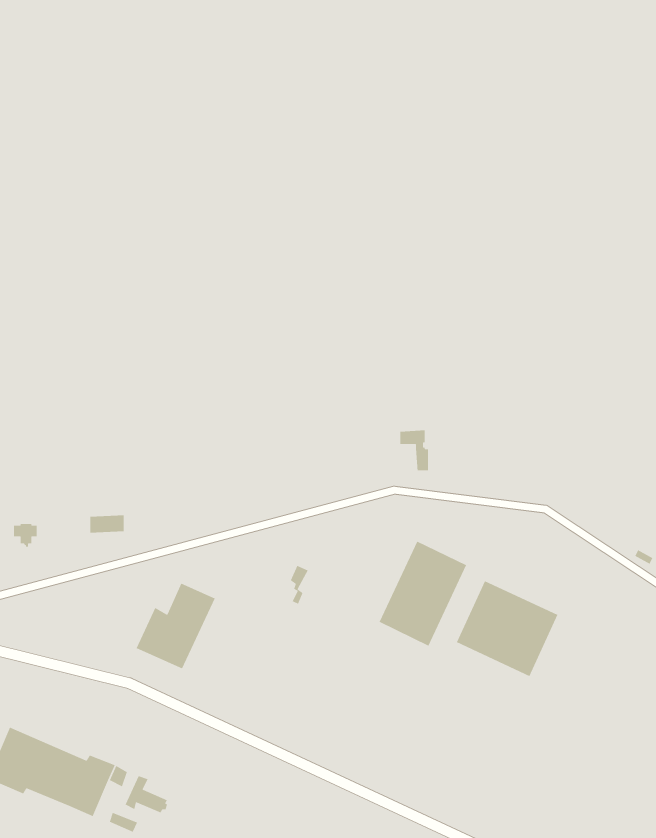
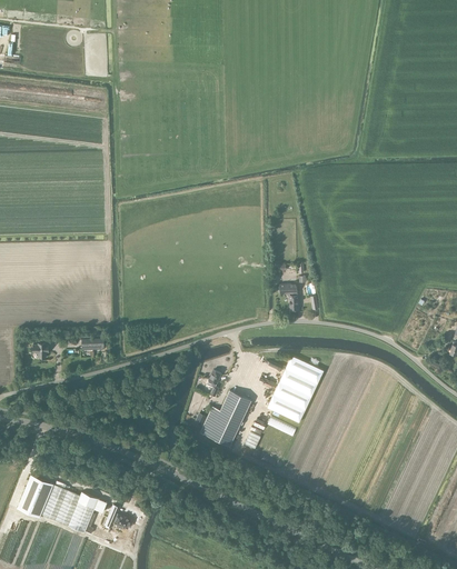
building: [456,580,559,677] -> none
building: [136,582,216,669] -> [201,390,252,446]

